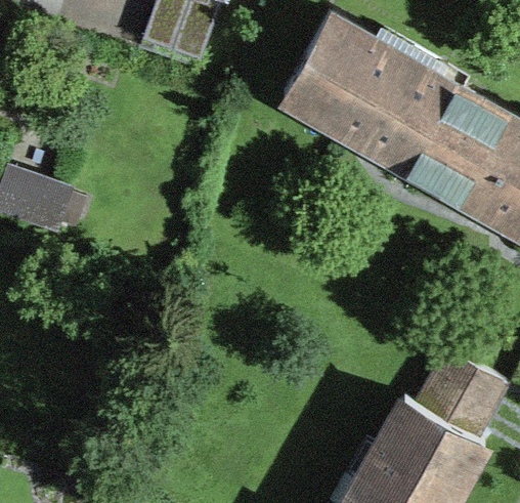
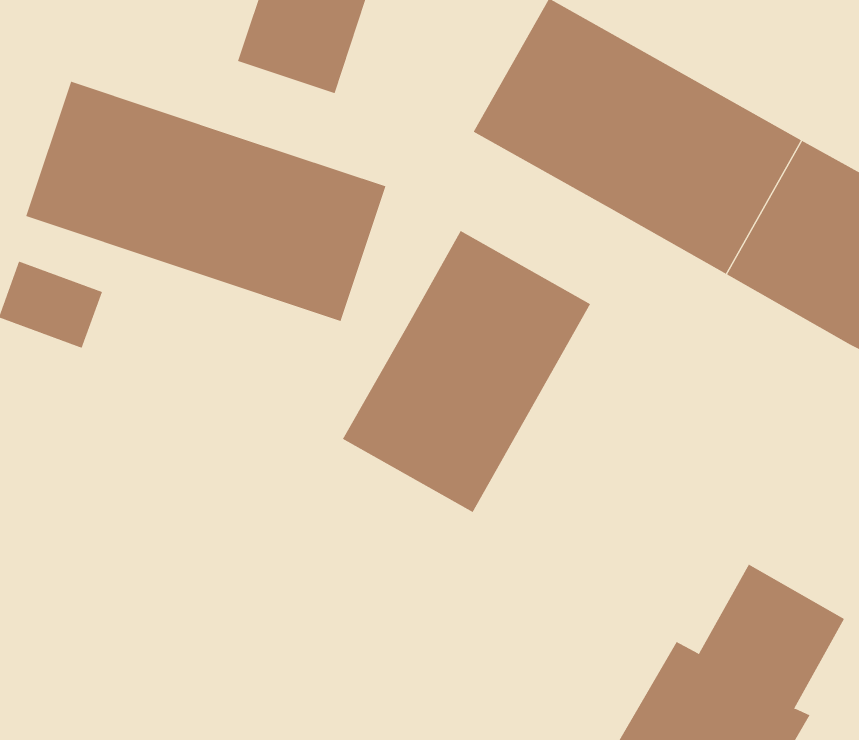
building: none -> [25,81,386,322]
building: none -> [342,230,591,513]

